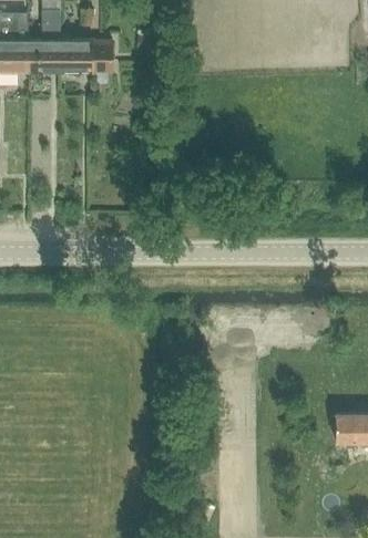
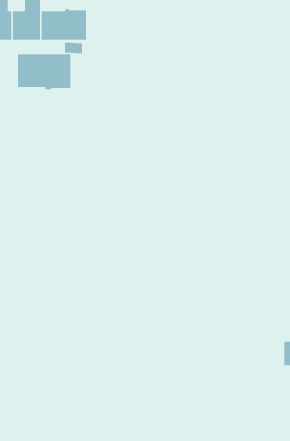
building: none -> [18,53,71,90]

